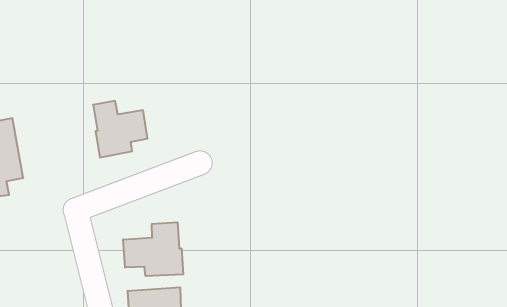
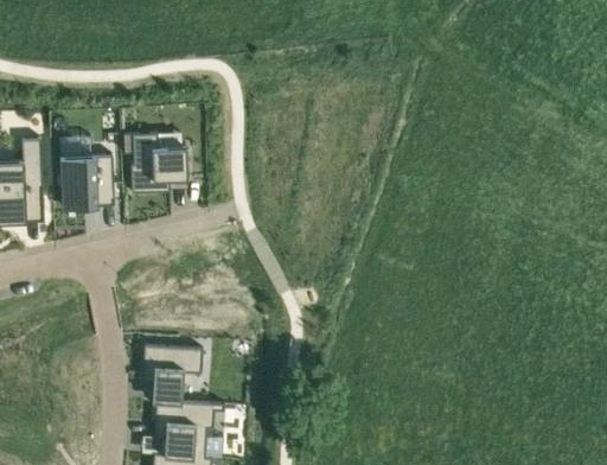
building: none -> [58,136,113,208]
building: [123,222,183,276] -> none

